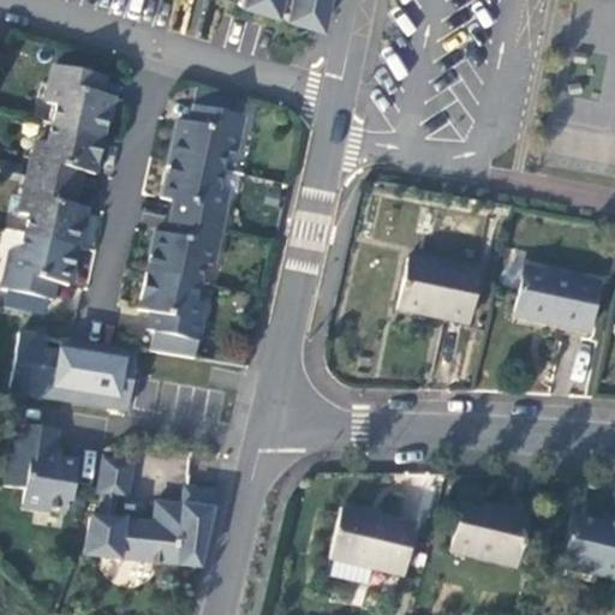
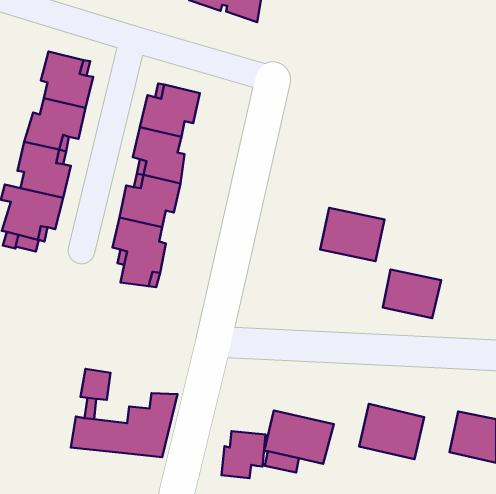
building: [529,273,601,333] -> [383,270,441,318]
building: [12,333,138,407] -> none
building: [11,424,80,510] -> none
building: none -> [222,431,266,478]

